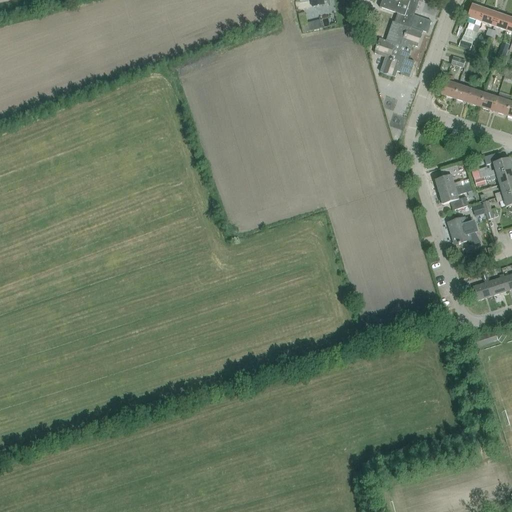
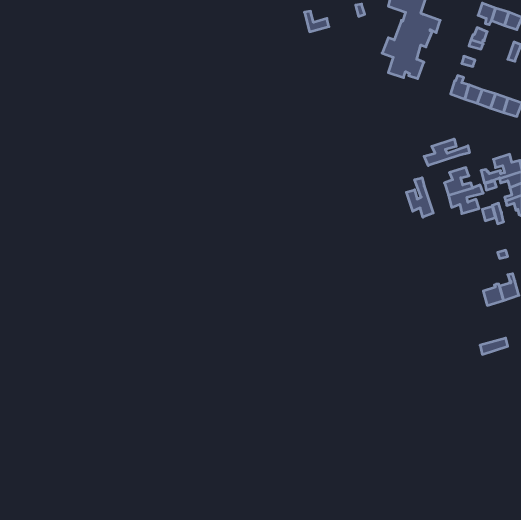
building: none -> [424,139,469,166]
building: none -> [406,178,433,217]
building: [449,216,482,243] -> none

